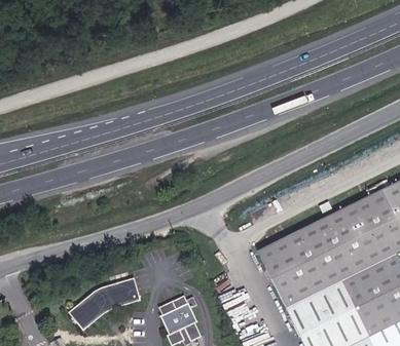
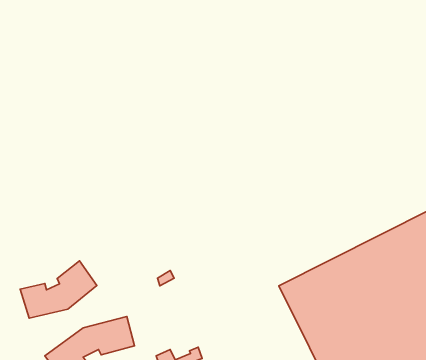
building: none -> [20,261,97,318]

